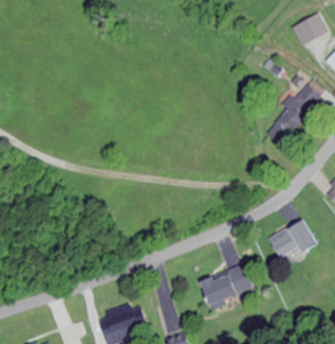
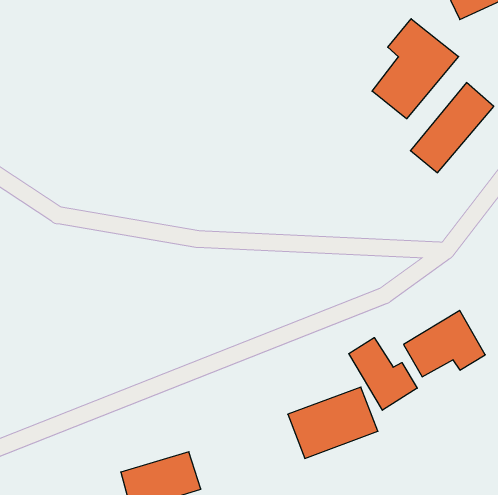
building: none -> [372,19,459,119]
building: none -> [349,338,417,410]

